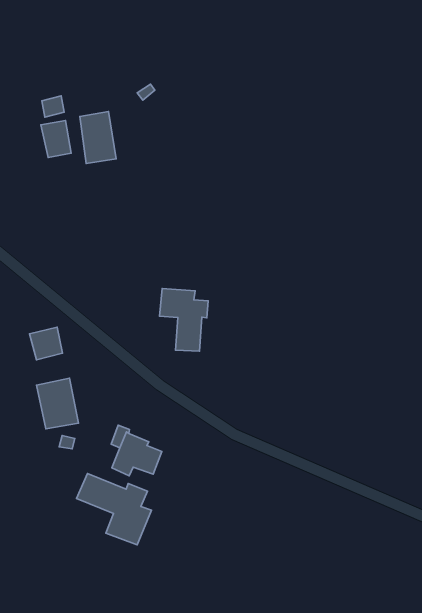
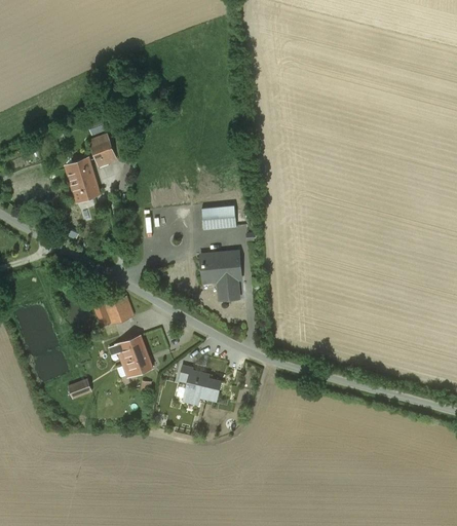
building: [80,111,116,164] -> [66,158,99,201]
building: none -> [201,206,236,230]
building: [76,474,152,545] -> none

